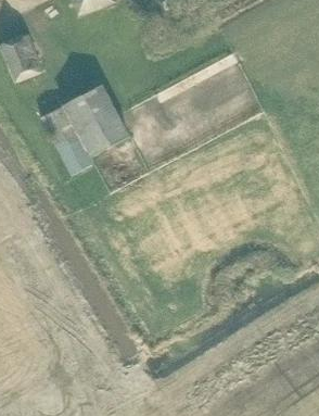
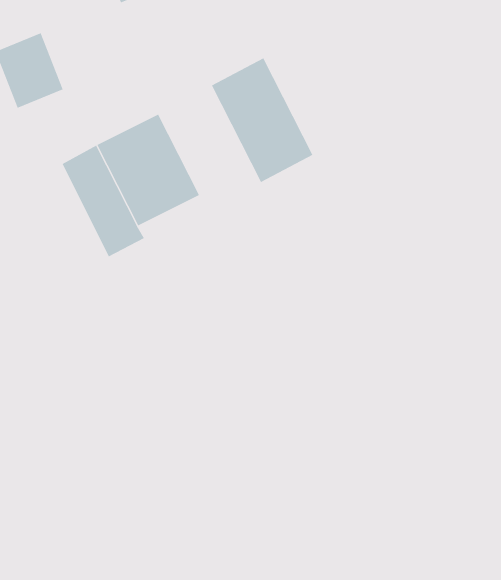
building: none -> [211,58,313,183]

